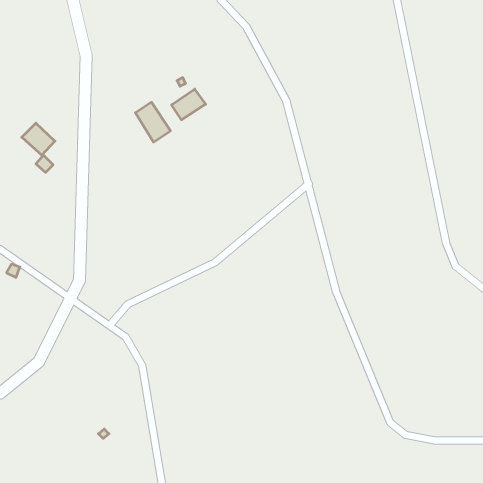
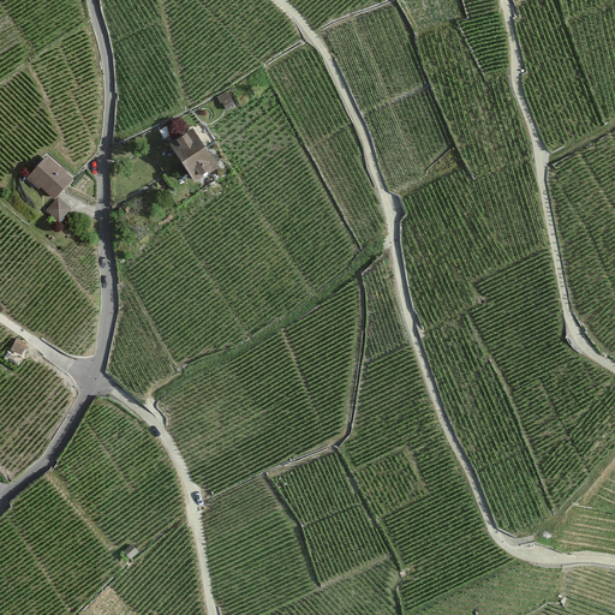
building: [172,89,206,120] -> none

